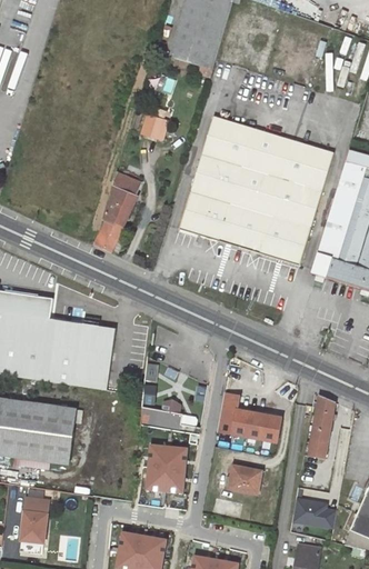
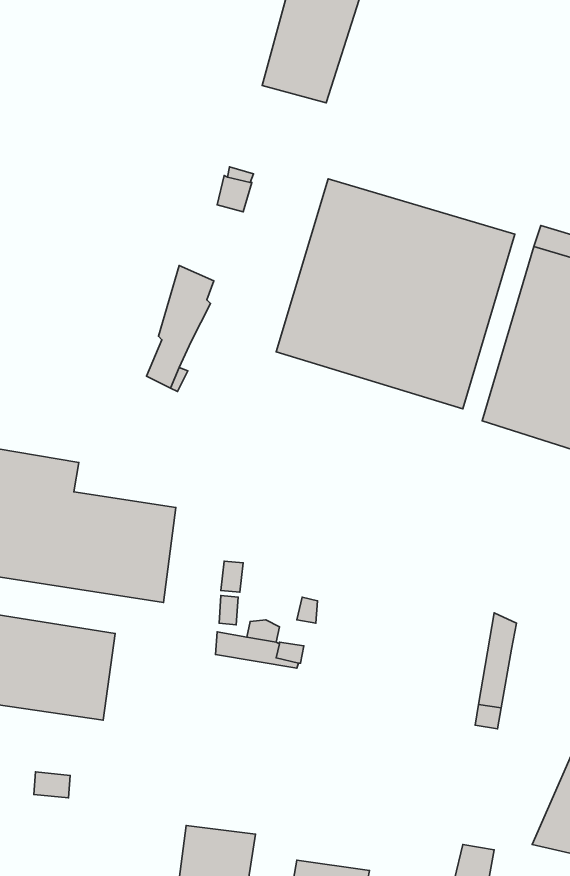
building: [217,391,282,443] -> none
building: [140,442,190,495] -> none
building: [228,466,260,493] -> none
building: [292,495,336,528] -> none
building: [19,512,46,551] -> none

